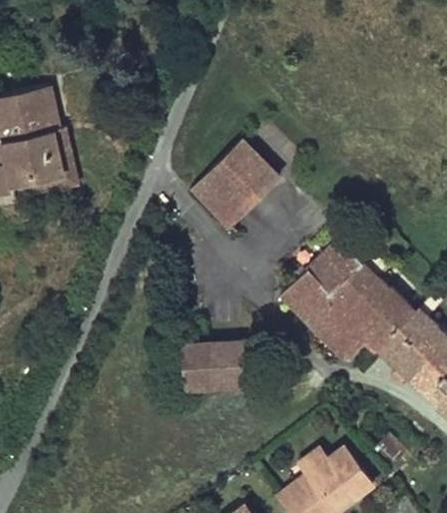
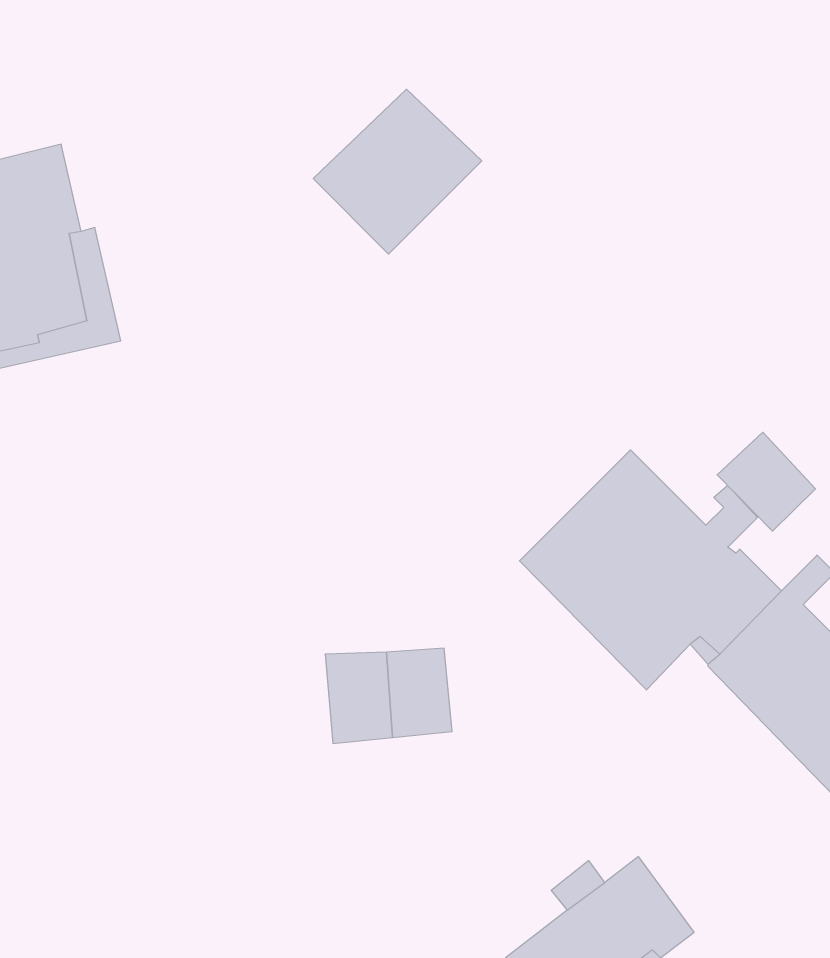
building: [192,140,278,223] -> [313,89,482,254]
building: none -> [717,432,815,531]

